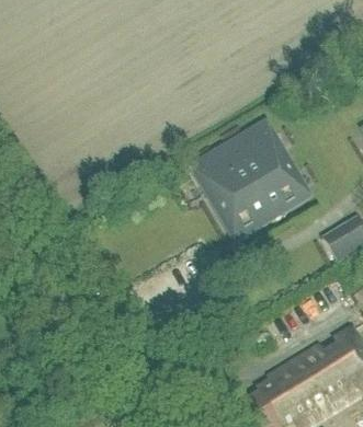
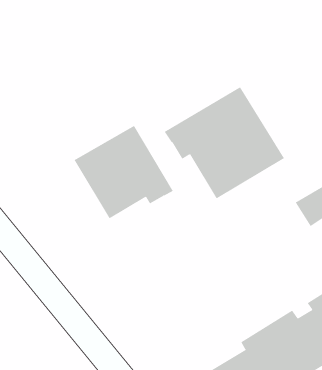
building: none -> [74,125,174,219]

